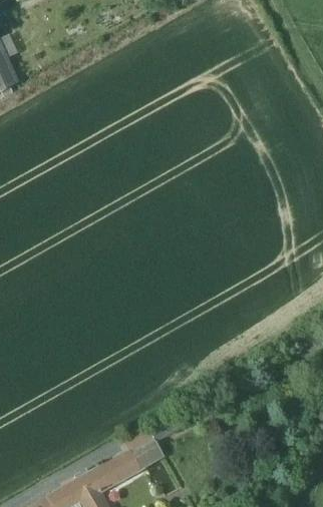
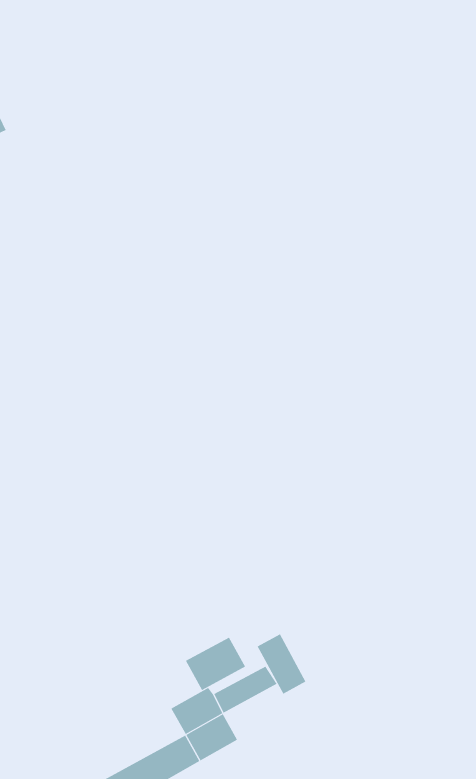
building: none -> [257,633,306,694]
building: none -> [185,637,246,691]

